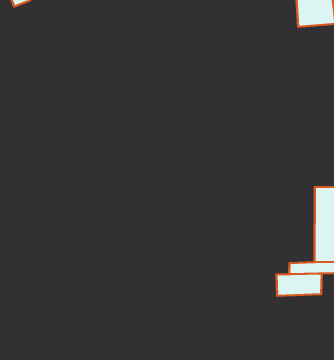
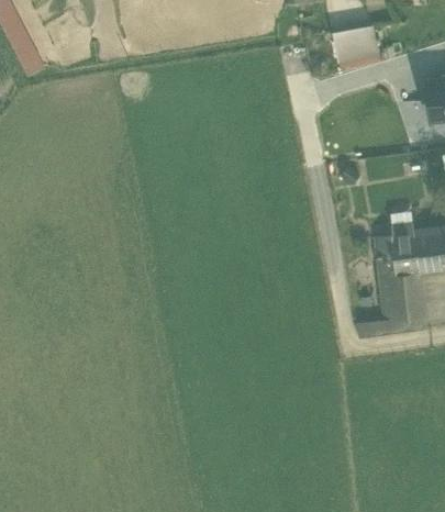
building: [276,273,322,296] -> none

